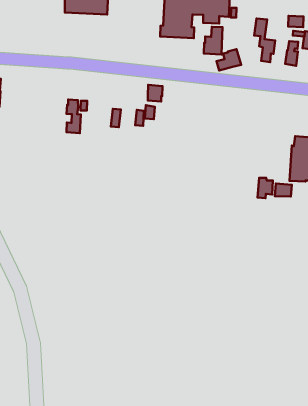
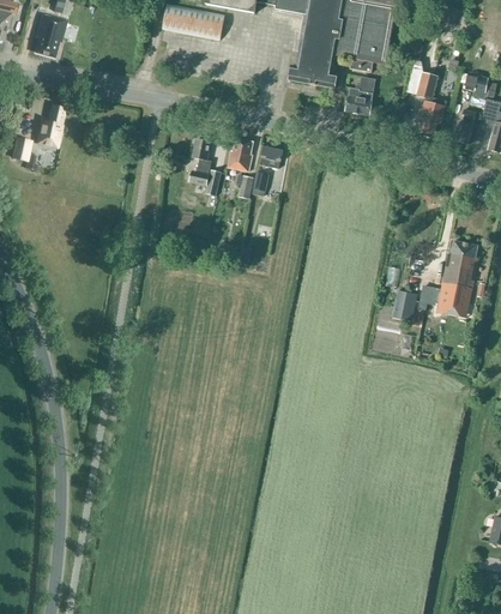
building: [217,49,241,71] -> none
building: none -> [228,138,253,170]
building: [66,100,81,133] -> [188,138,211,186]

